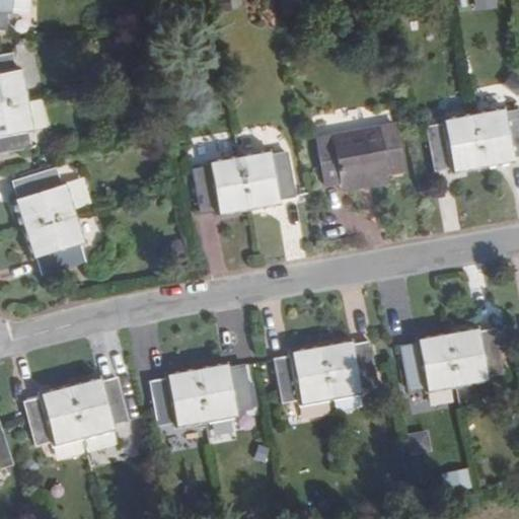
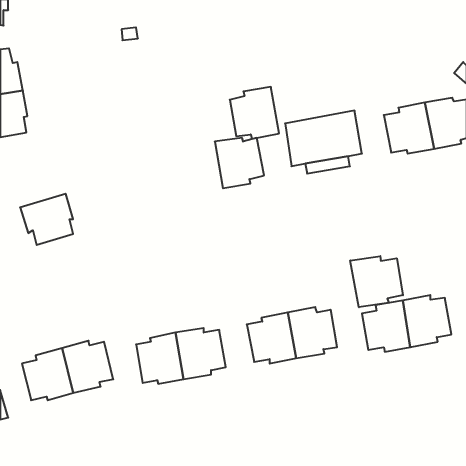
building: [194,157,248,215] -> [230,87,279,139]
building: [13,169,74,230] -> none
building: none -> [350,256,403,307]

